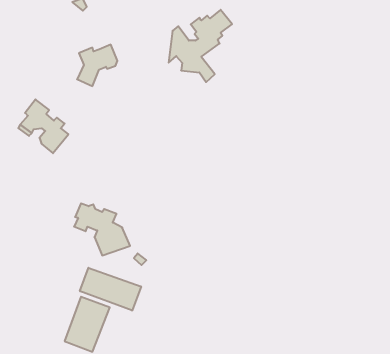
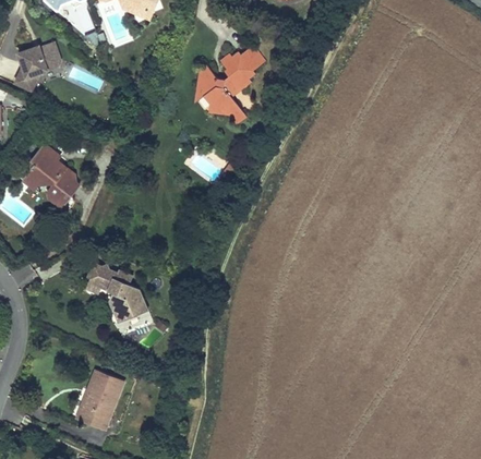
building: [77,45,117,86] -> [15,44,61,90]
building: [80,268,141,311] -> none

